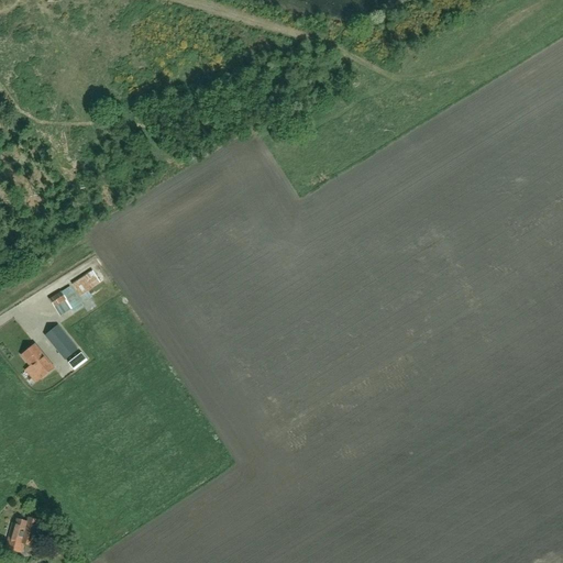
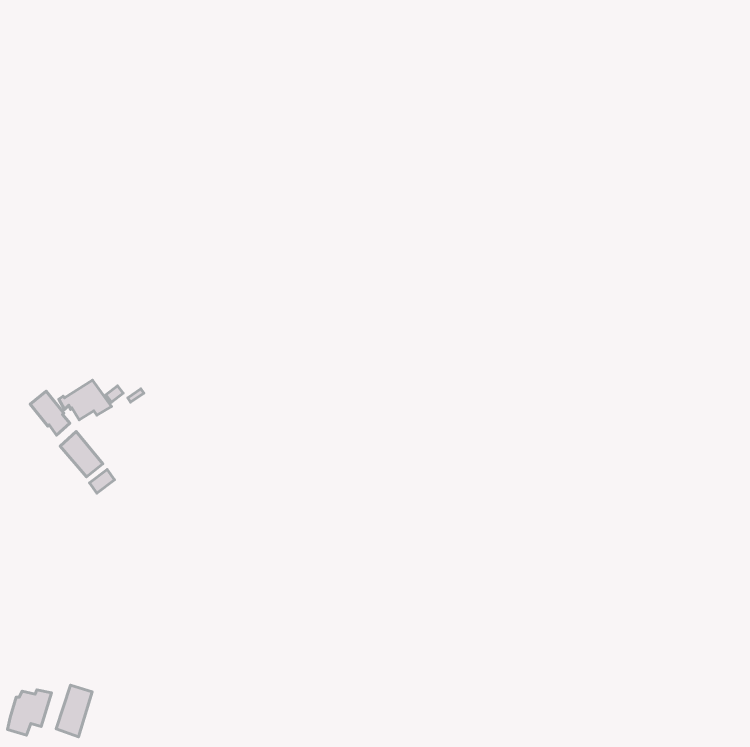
building: [22,344,52,377] -> [30,391,70,435]
building: none -> [56,685,92,737]

